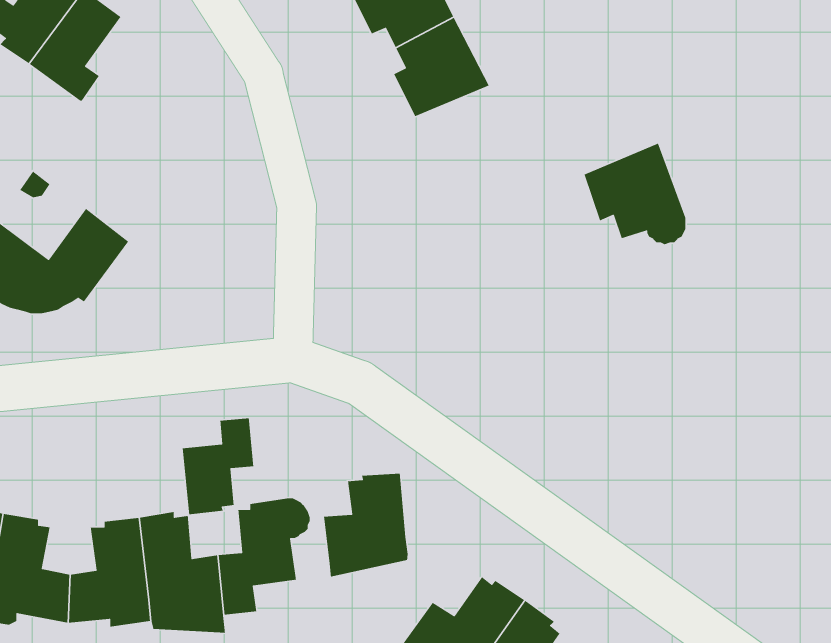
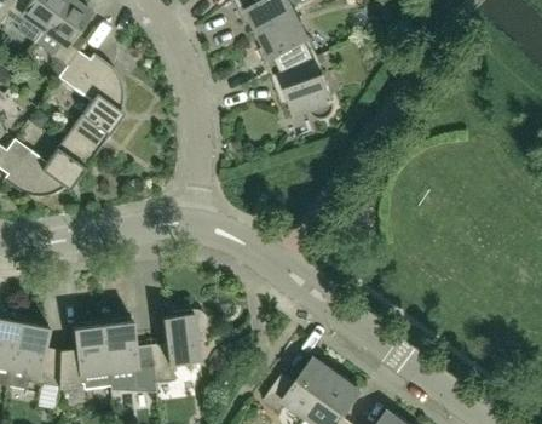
building: none -> [58,50,123,151]
building: [584,143,686,245] -> [271,56,334,119]
building: [182,418,254,515] -> none
building: [323,473,408,577] -> none

